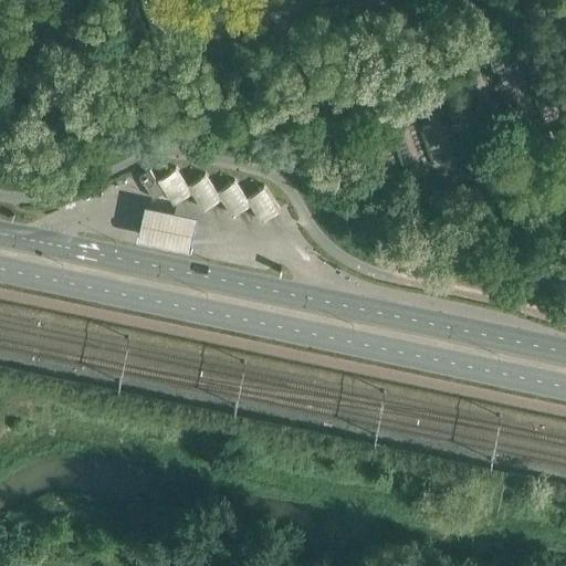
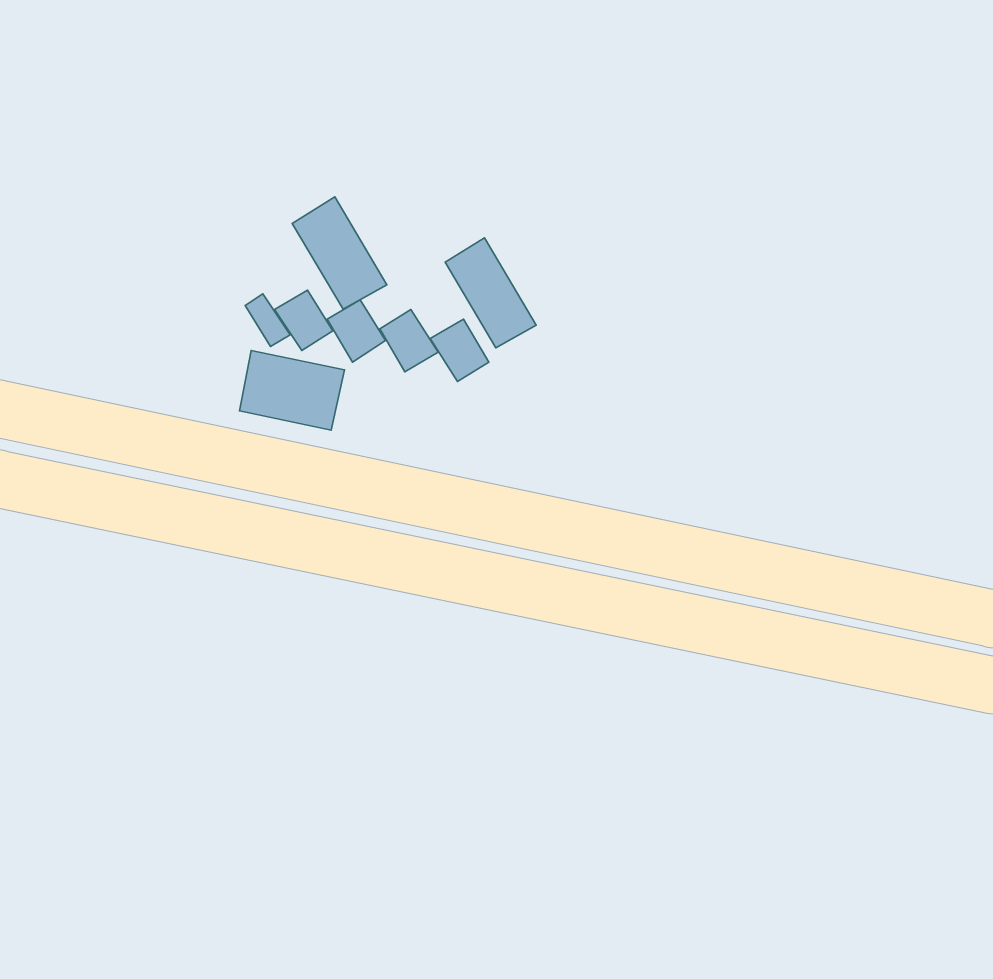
building: none -> [292,197,387,309]
building: none -> [445,238,536,348]

